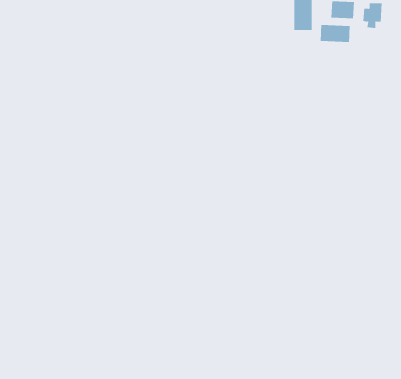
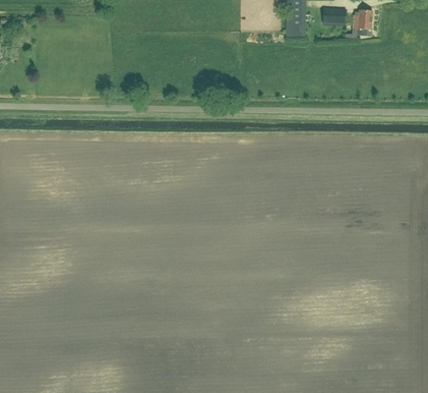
building: [320,24,350,43] -> none

